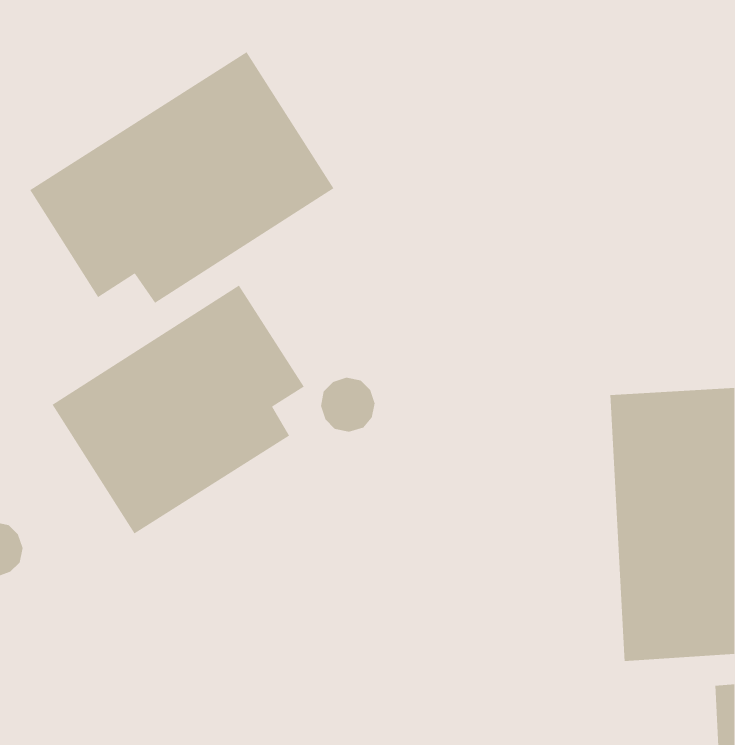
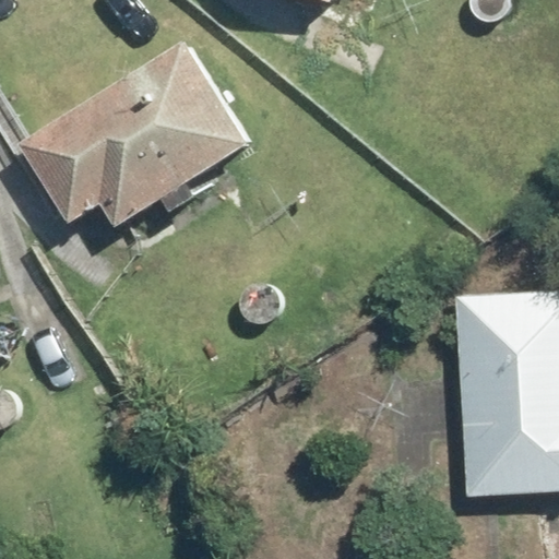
building: [51,285,305,534] -> none

